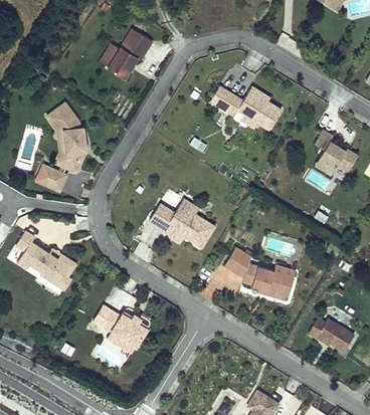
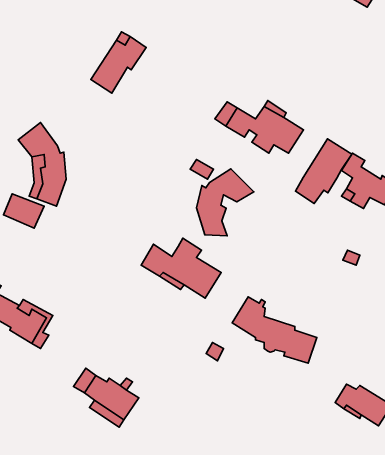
building: none -> [296,139,352,203]
building: none -> [197,169,254,236]

